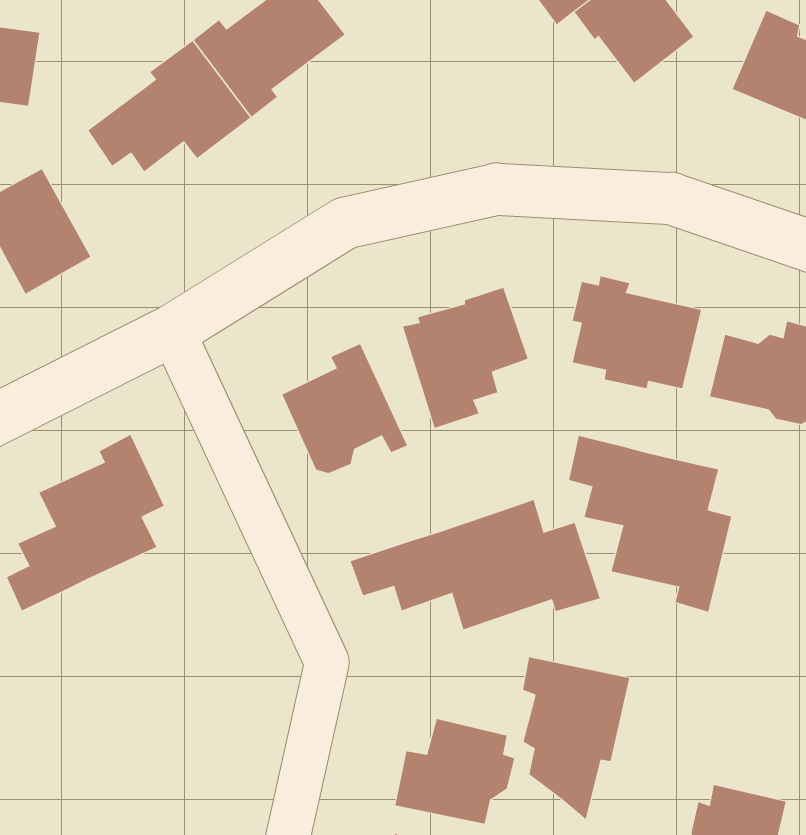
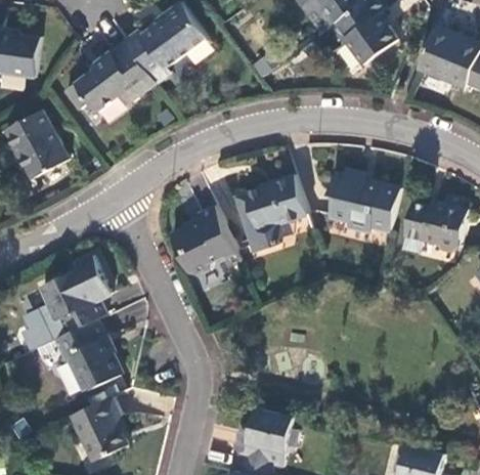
building: [568,435,732,613] -> none
building: [350,499,600,630] -> none
building: none -> [53,319,121,391]
building: [522,656,630,820] -> none
building: none -> [70,397,126,461]

